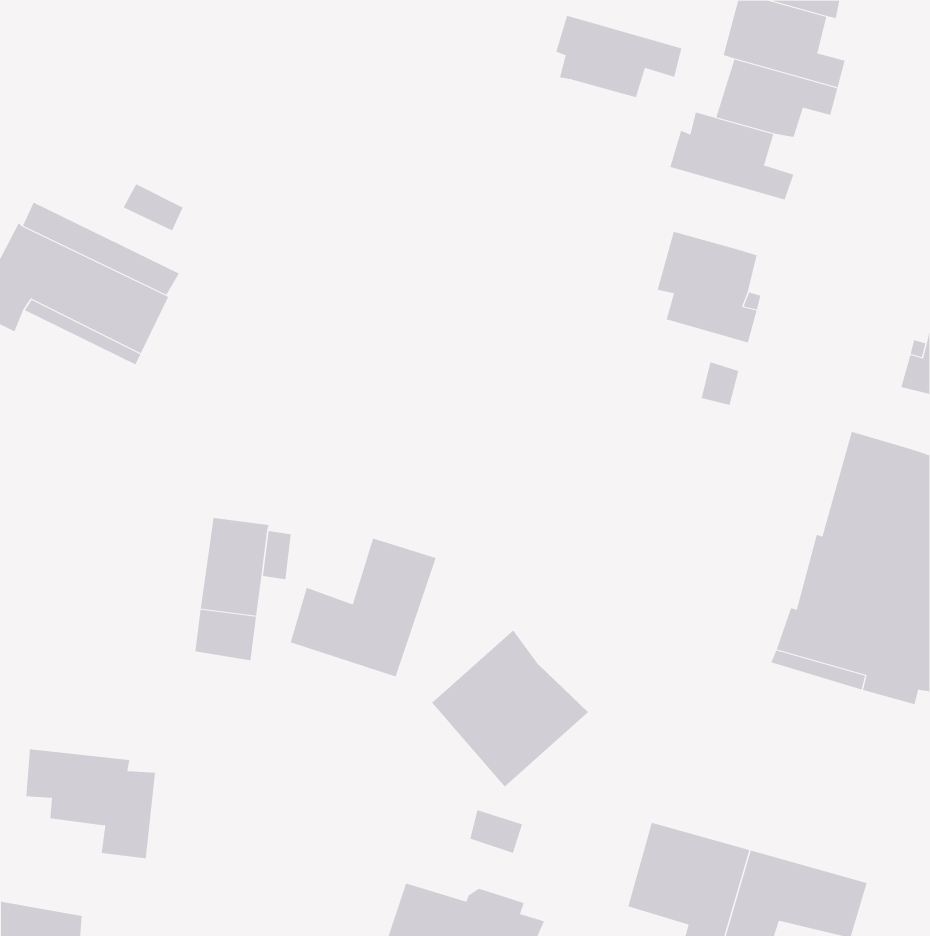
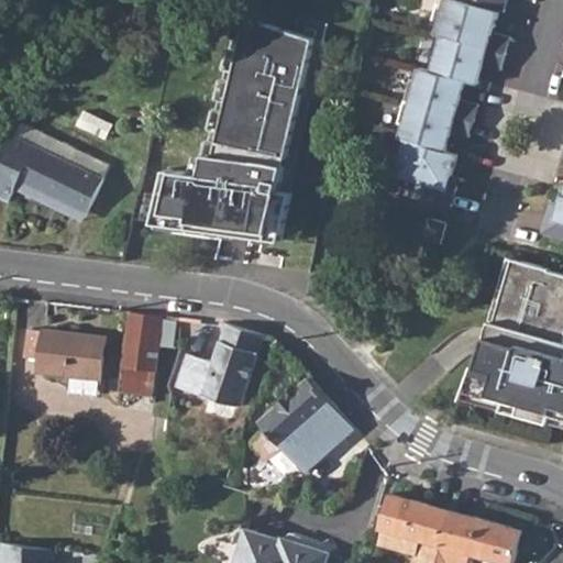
building: [556,15,682,98] -> [395,101,471,151]
building: none -> [148,13,312,240]
building: [25,749,156,859] -> [24,329,102,395]

